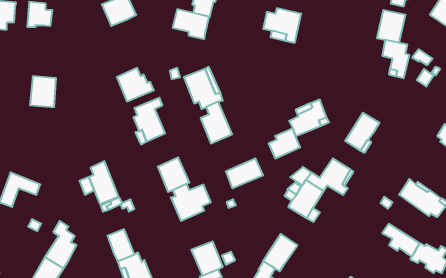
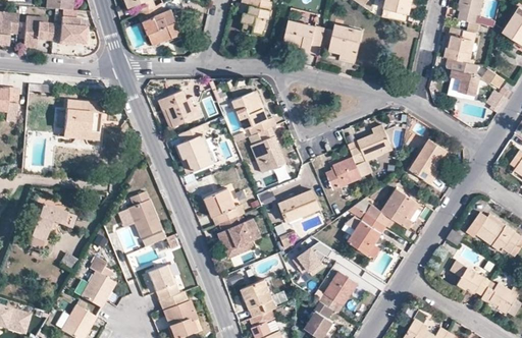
building: [173,9,209,39] -> [283,20,323,53]
building: none -> [293,241,333,274]

